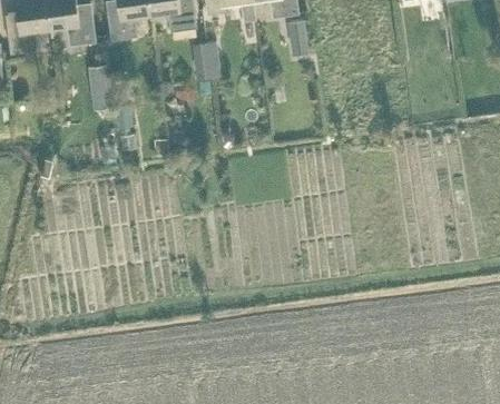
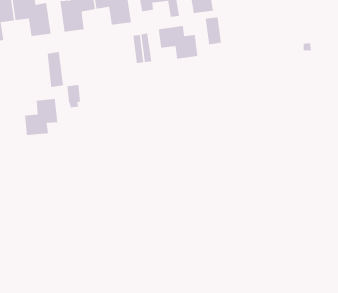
building: none -> [158,25,198,60]
building: none -> [24,98,58,136]

